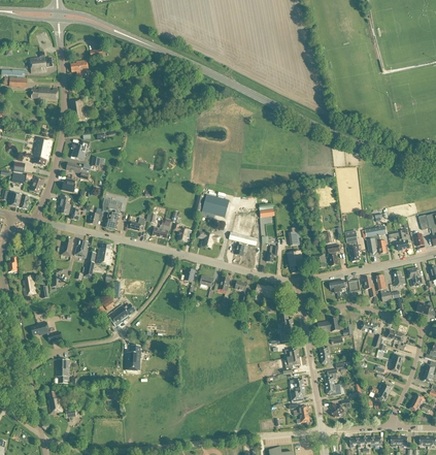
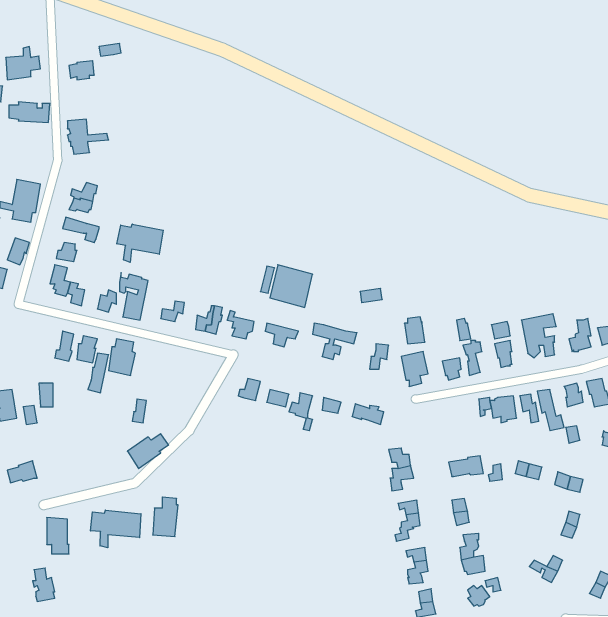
building: none -> [117,224,163,262]
building: none -> [91,510,141,548]

